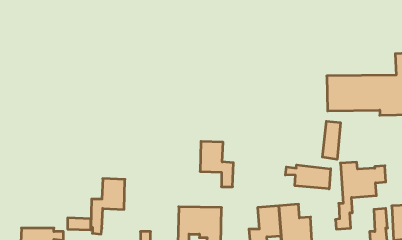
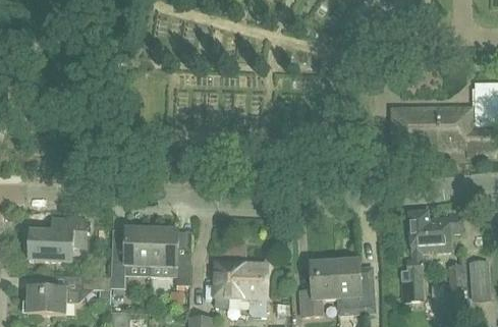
building: [322,121,340,159] -> none
building: [200,141,233,187] -> [151,229,190,283]
building: [285,165,331,189] -> none
building: none -> [24,218,88,261]

